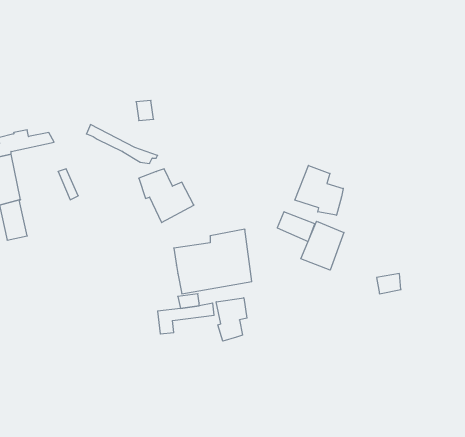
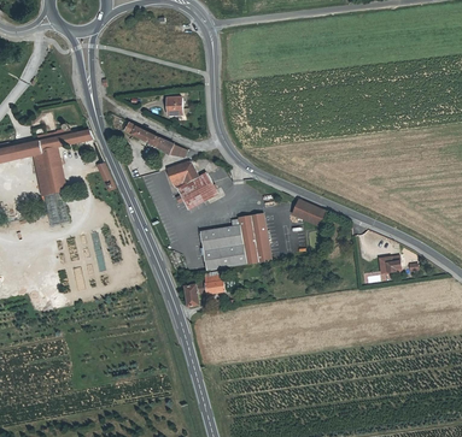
building: [295,165,343,215] -> none
building: [301,221,344,270] -> none
building: [216,298,247,341] -> none

